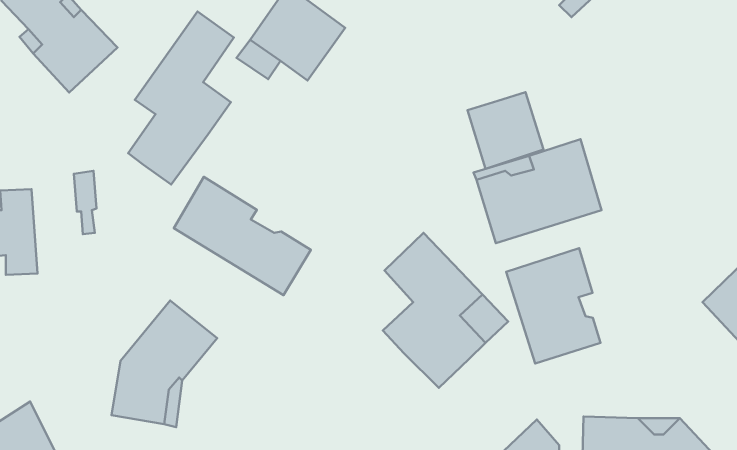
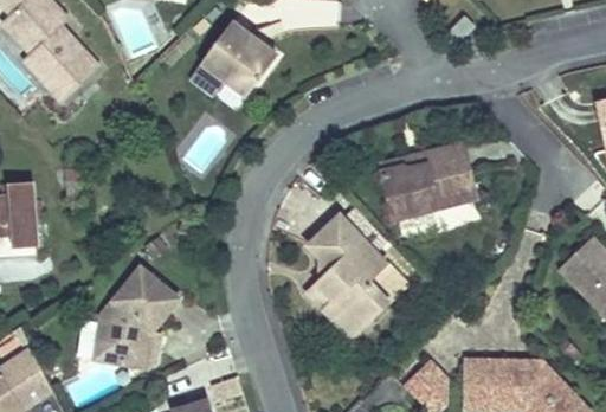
building: [128,11,234,185] -> none
building: [468,92,544,169] -> none
building: [174,177,311,295] -> none
building: [506,248,600,363] -> none

